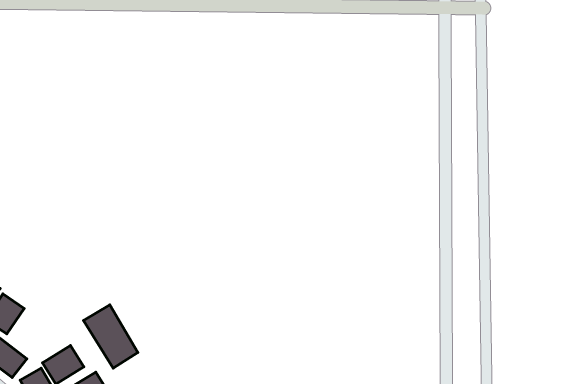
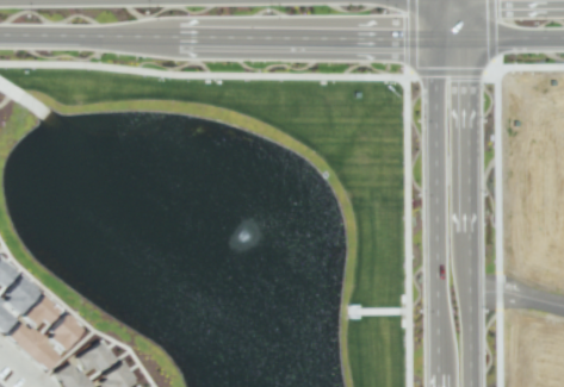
building: [84,305,138,368] -> none
building: none -> [49,316,85,351]

